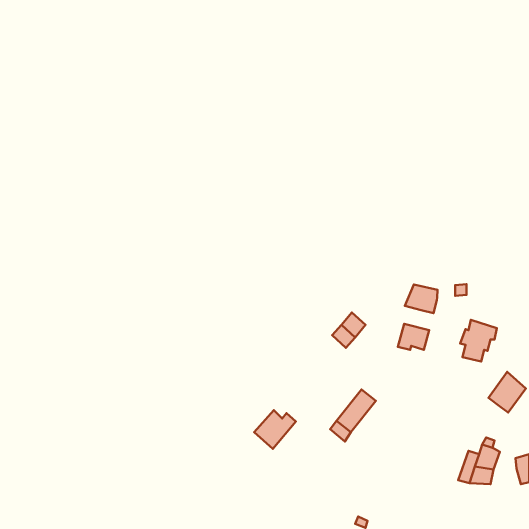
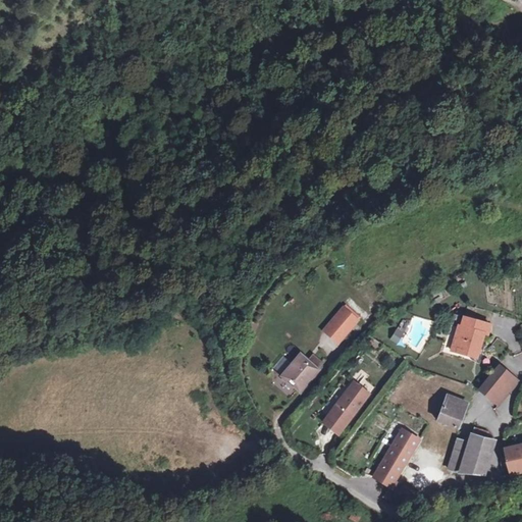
building: [405,285,437,313] -> none
building: none -> [434,395,466,427]
building: [254,410,296,449] -> [281,352,322,389]
building: none -> [373,429,419,490]

